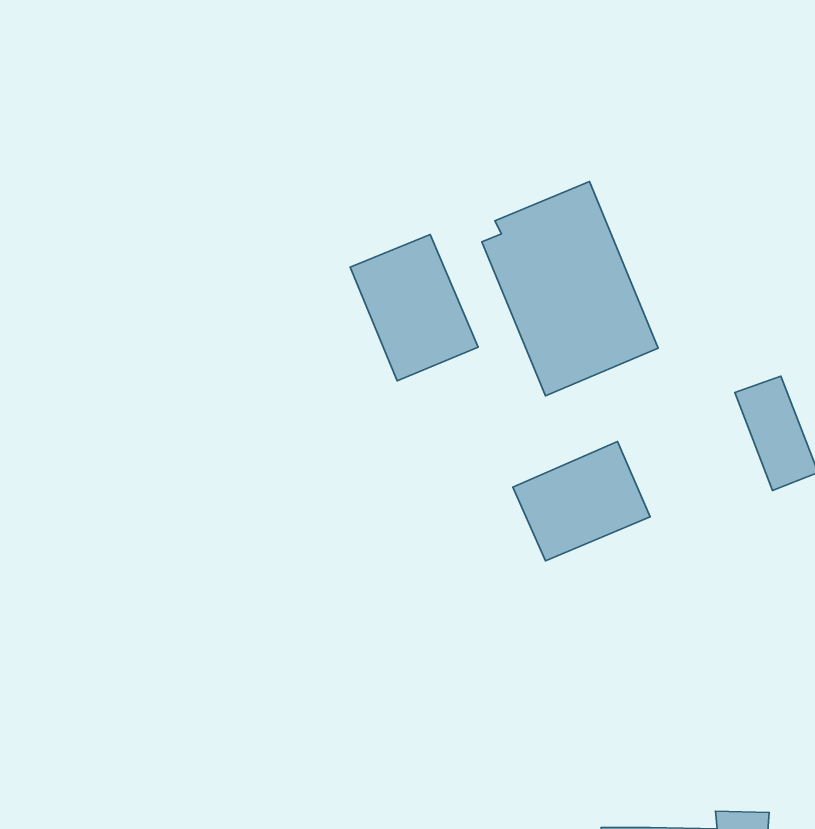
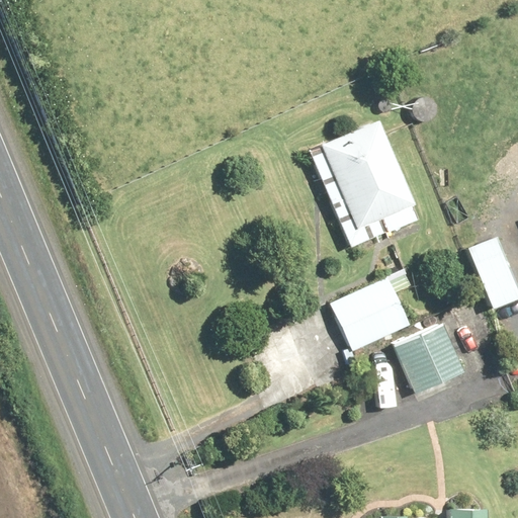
building: [350,235,478,381] -> none
building: none -> [393,324,469,396]

